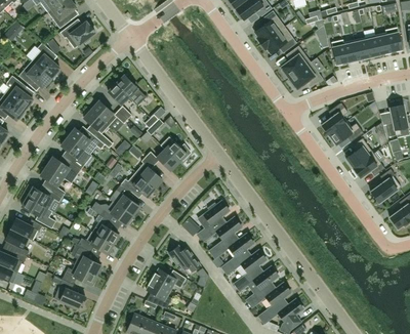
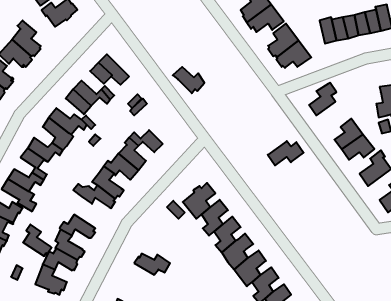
building: [328,121,363,144] -> [268,141,304,165]
building: [160,136,191,162] -> [173,67,204,93]
building: [92,213,120,244] -> [23,224,52,256]
building: [168,244,201,272] -> none
building: [146,278,172,307] -> none

